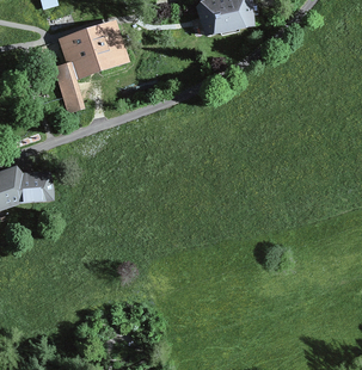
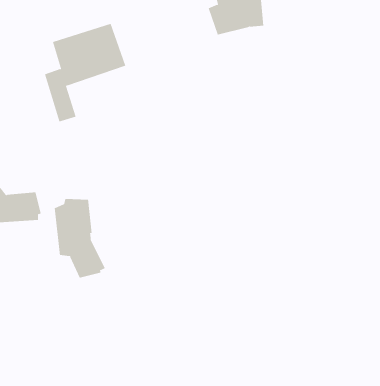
building: none -> [54,198,106,278]

